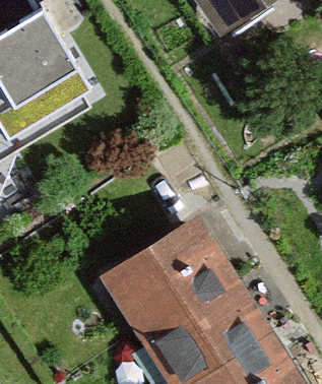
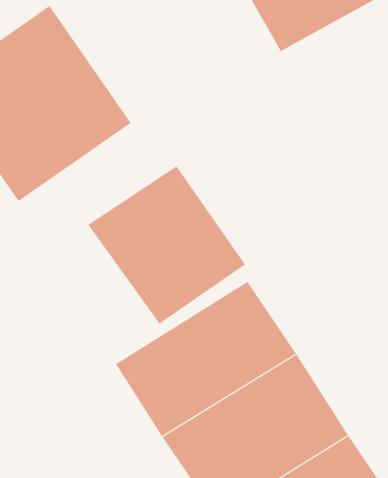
building: none -> [88,165,246,324]

